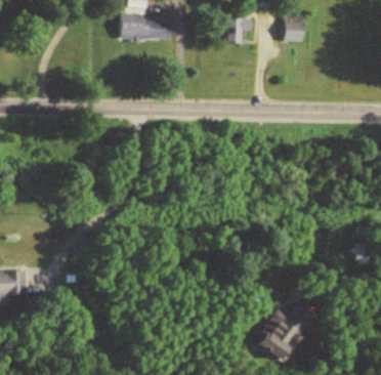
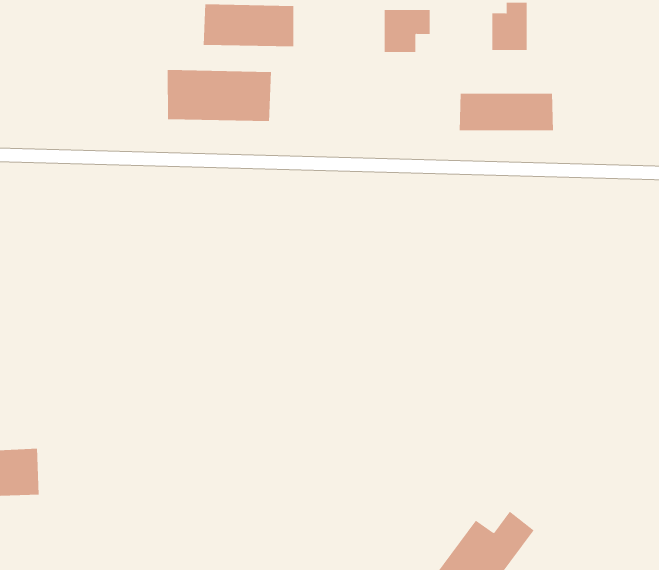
building: none -> [167,69,271,122]
building: none -> [459,93,553,131]

